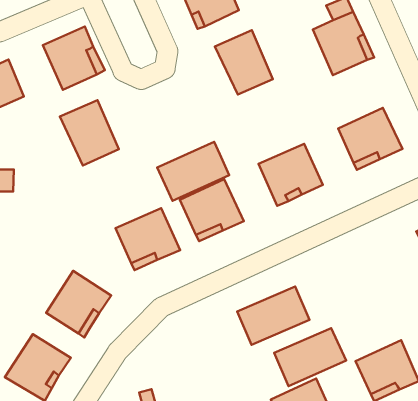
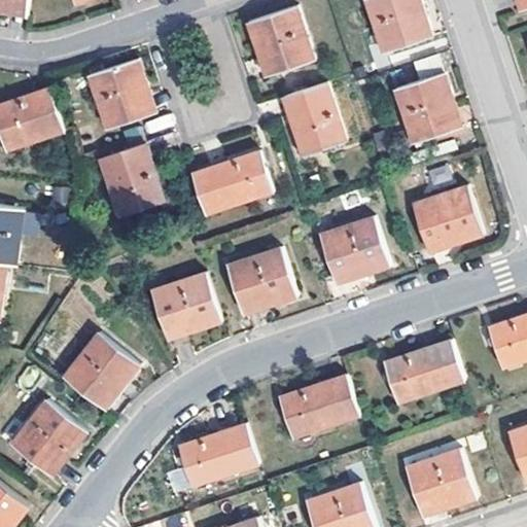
building: [157,142,229,201] -> [191,151,272,213]
building: [274,328,346,386] -> [383,341,463,401]
building: none -> [177,423,257,486]

